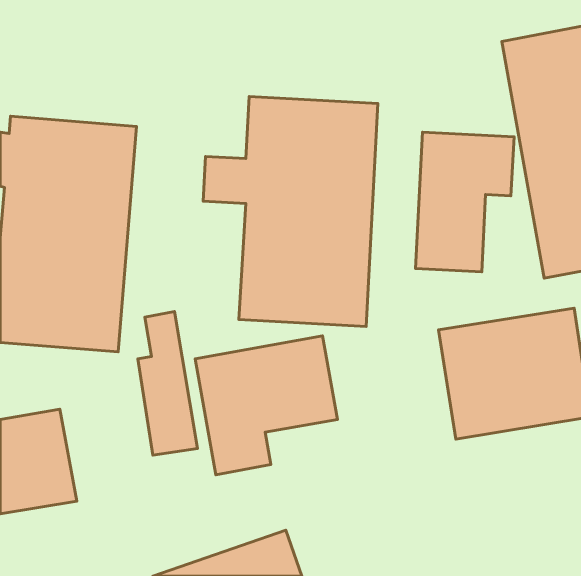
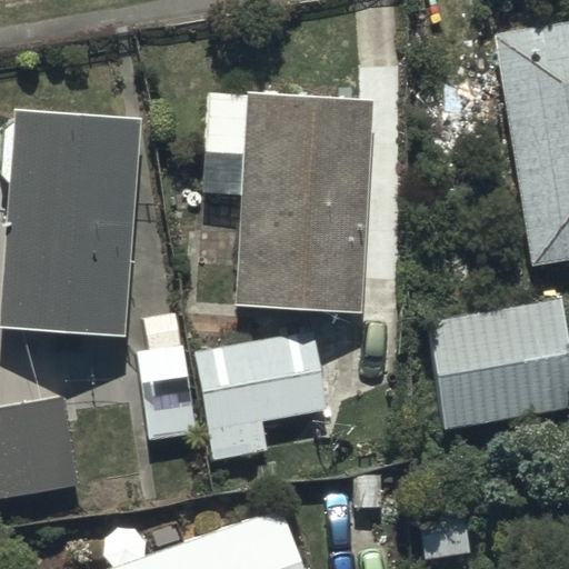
building: [415,132,514,272] -> none

